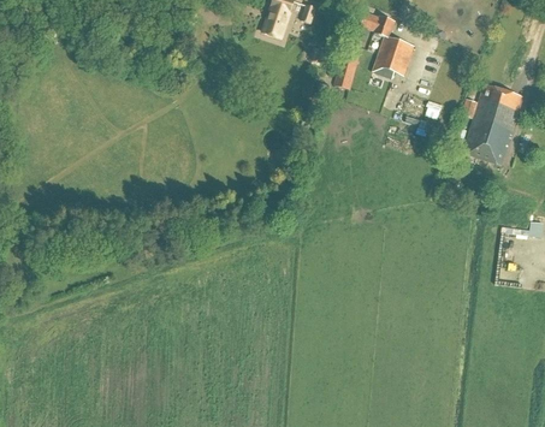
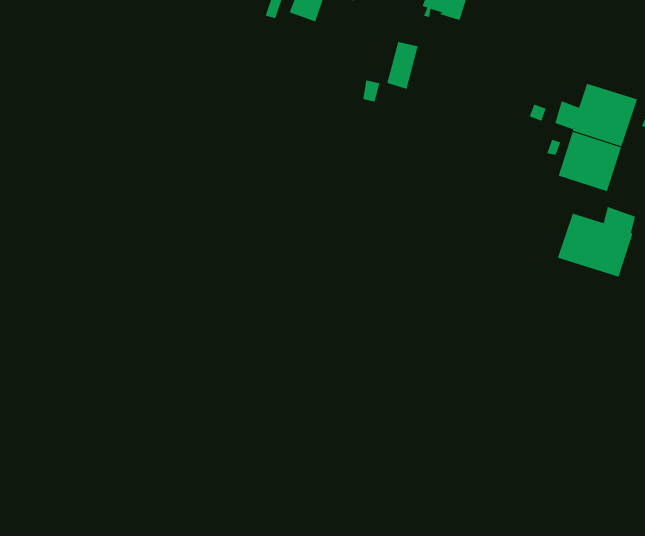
building: [374,36,415,78] -> none
building: none -> [557,206,636,278]

